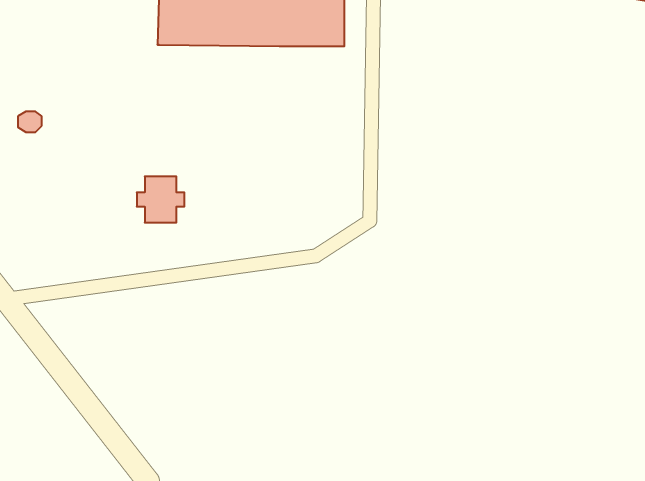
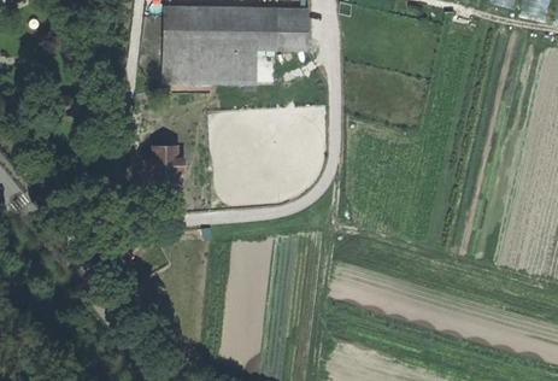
building: none -> [164,48,257,83]

